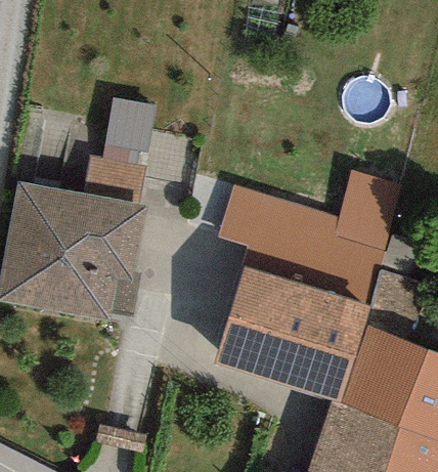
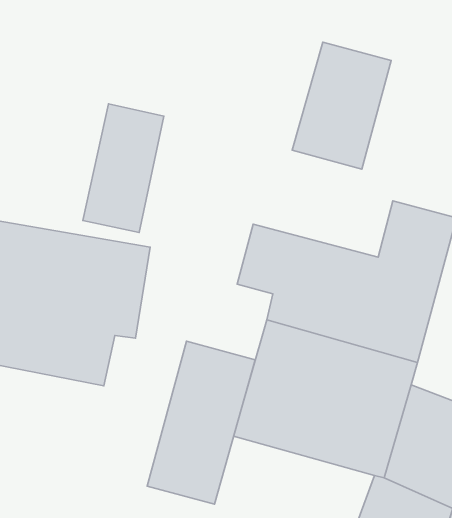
building: none -> [292,42,391,169]
building: none -> [147,341,255,504]

